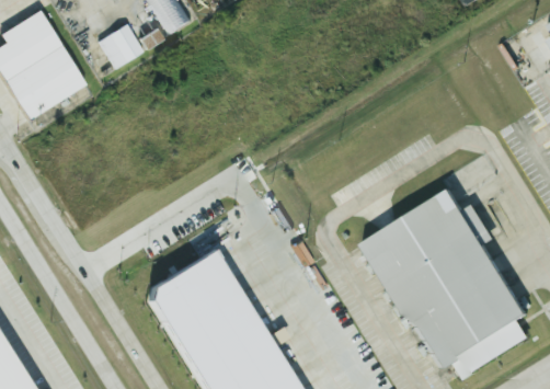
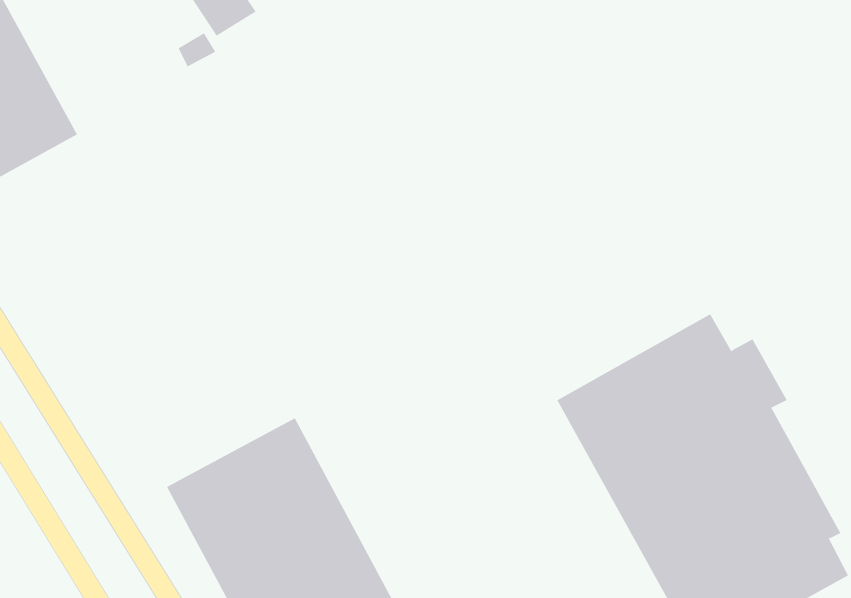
building: [103,24,148,70] -> none

